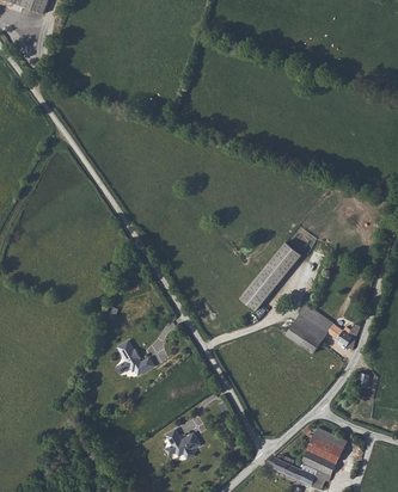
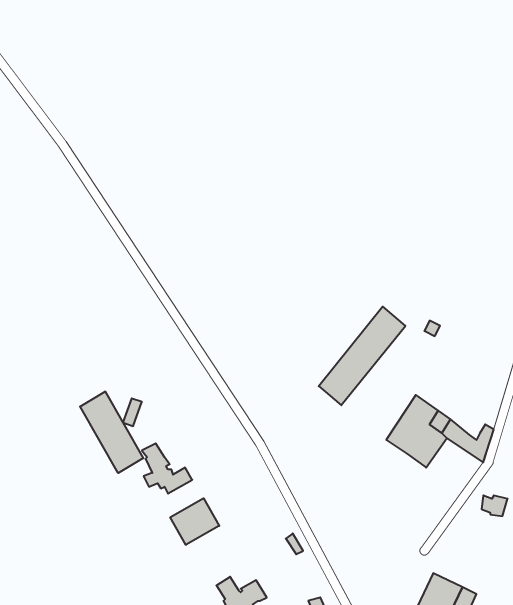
building: none -> [80,391,143,473]
building: none -> [170,498,219,545]

